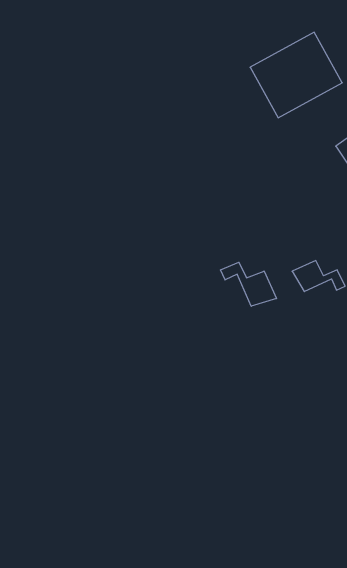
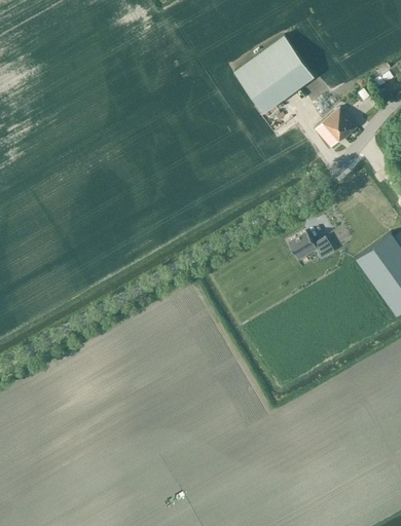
building: [220,262,276,306] -> none

